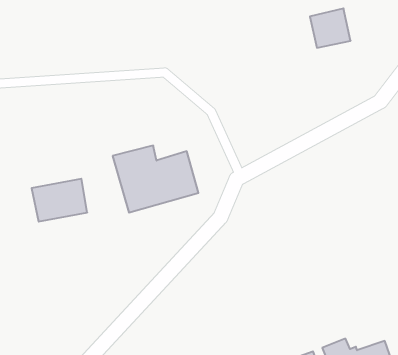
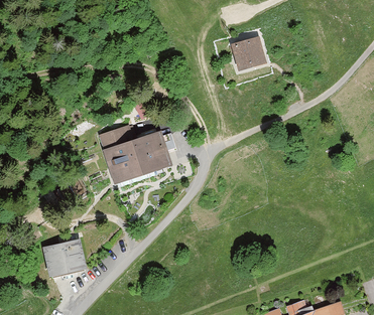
building: [310,8,351,48] -> [233,39,268,73]
building: [32,179,87,222] -> [35,242,84,279]

